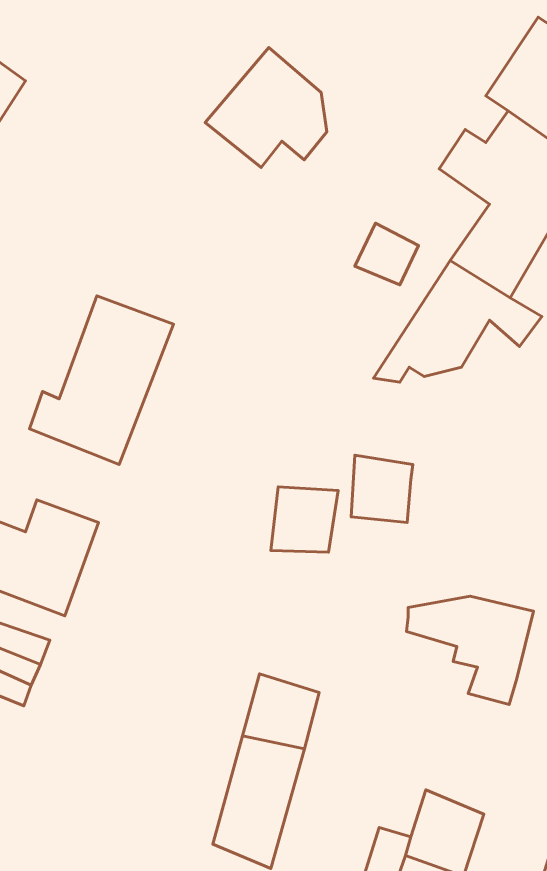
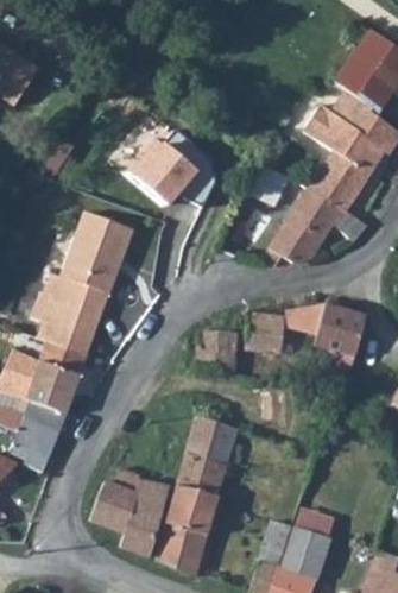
building: [205,48,327,167] -> [135,130,213,206]
building: none -> [30,292,99,353]
building: [406,596,534,705] -> [284,303,365,372]
building: none -> [188,412,235,461]
building: none -> [90,478,169,554]

